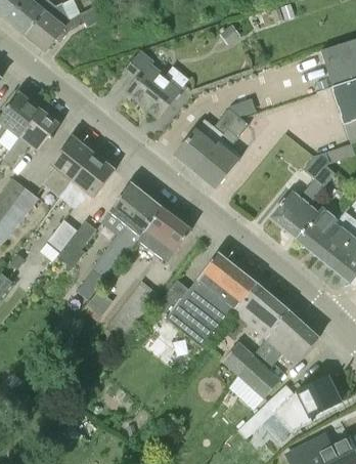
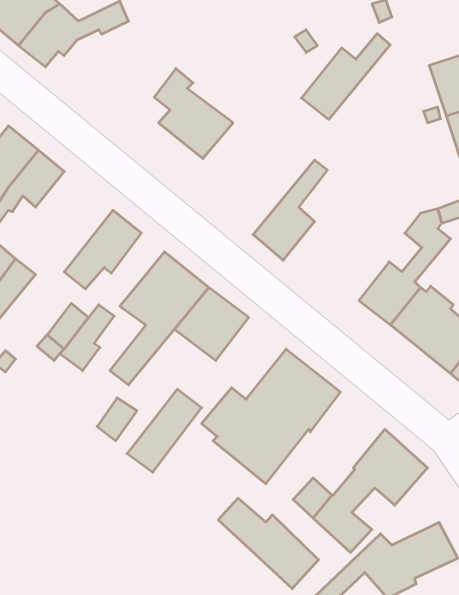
building: [175,109,238,170] -> [301,34,390,119]
building: [44,135,94,197] -> none
building: [235,283,288,337] -> none
building: none -> [218,498,319,589]

